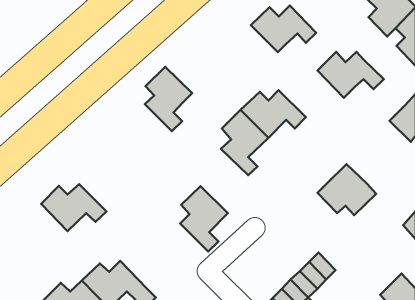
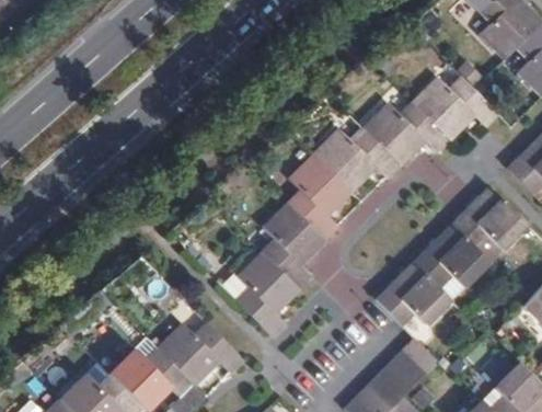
building: [251,6,316,52] -> [364,103,448,163]
building: [145,67,192,131] -> [263,204,324,287]
building: none -> [451,185,528,251]
building: [41,184,106,231] -> [159,323,243,384]
building: none -> [376,261,451,325]

